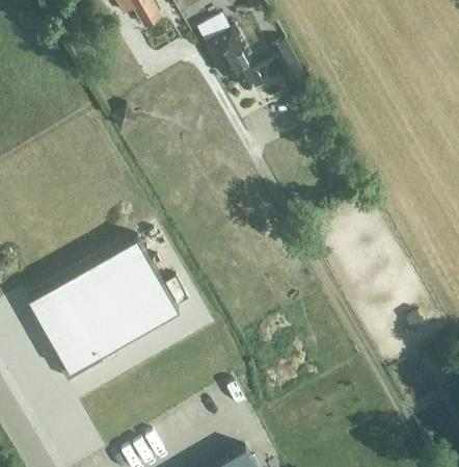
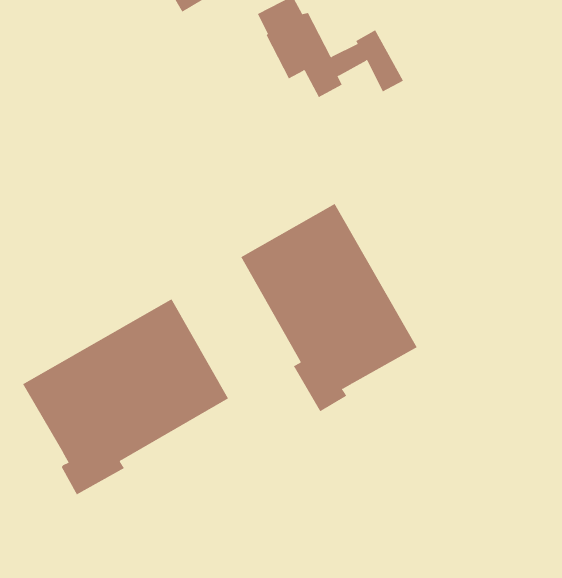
building: none -> [241,203,417,412]

